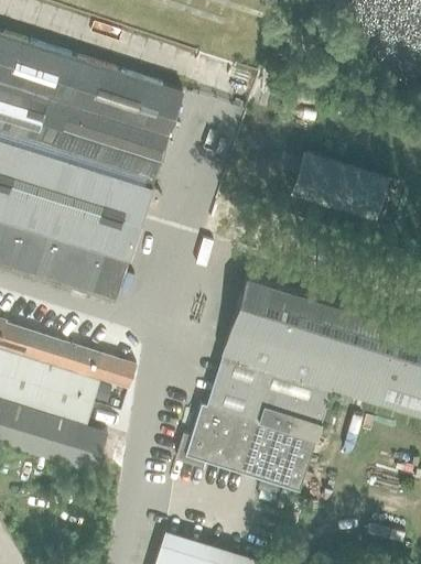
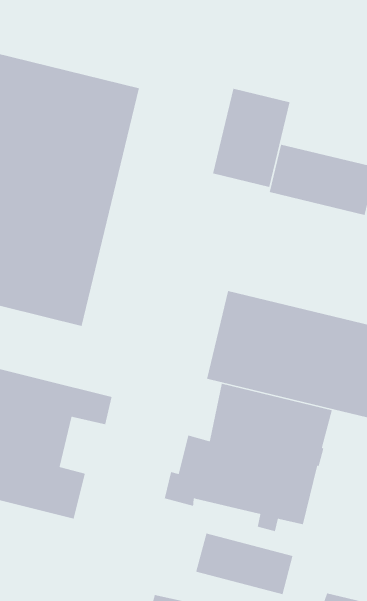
building: none -> [212,88,290,188]
building: none -> [195,532,294,595]

